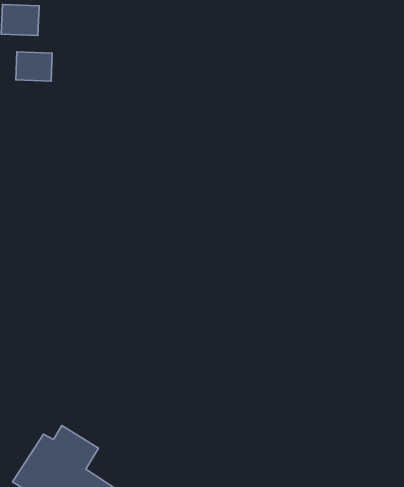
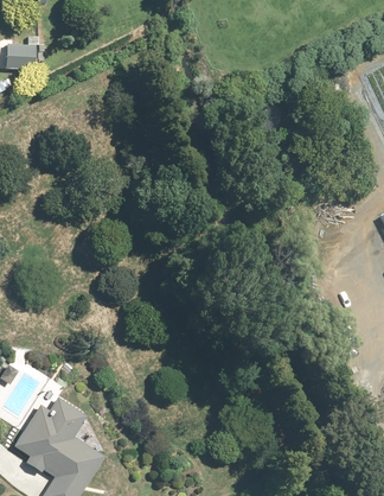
building: [16,52,52,81] -> none

